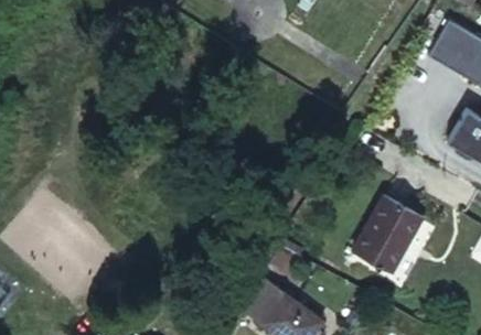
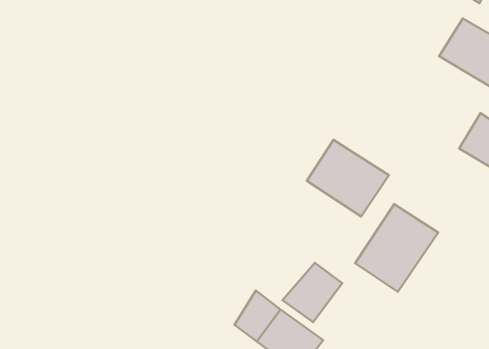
building: none -> [307,140,389,217]
building: none -> [282,263,342,322]

